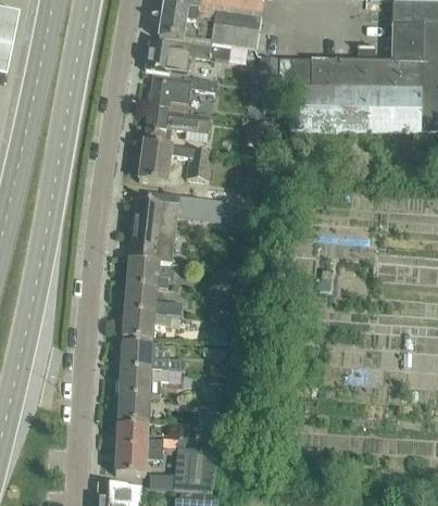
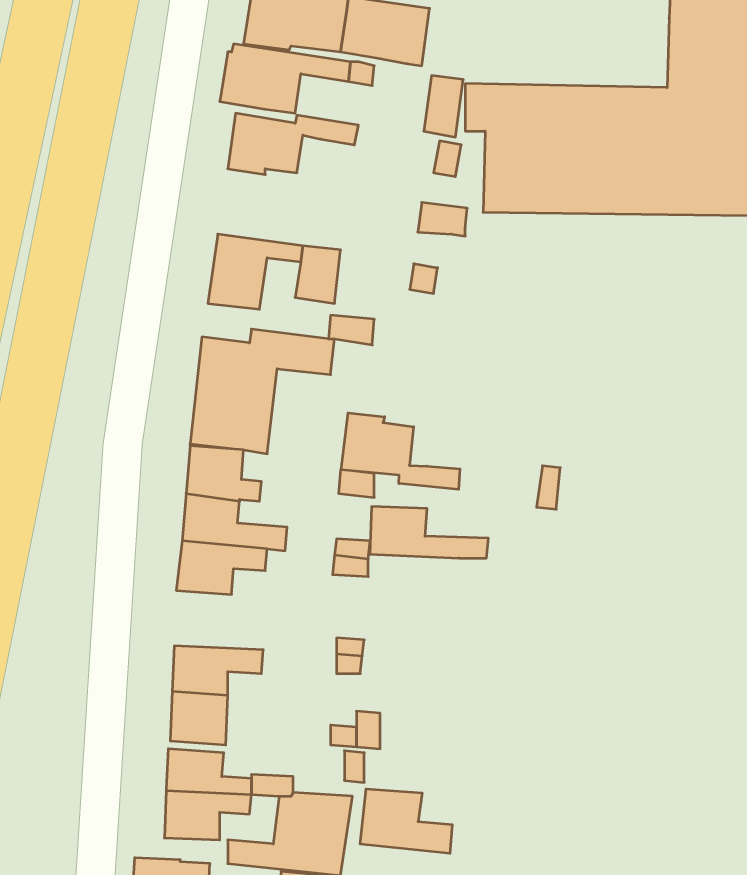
building: [143,104,208,139] -> none
building: none -> [341,413,460,489]
building: [120,340,185,368] -> [370,507,488,558]
building: none -> [360,789,452,853]

